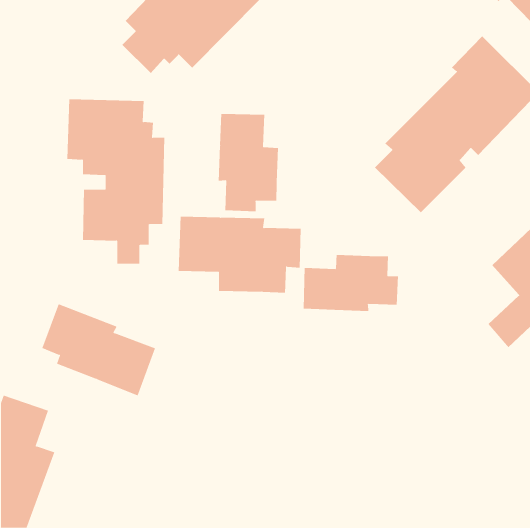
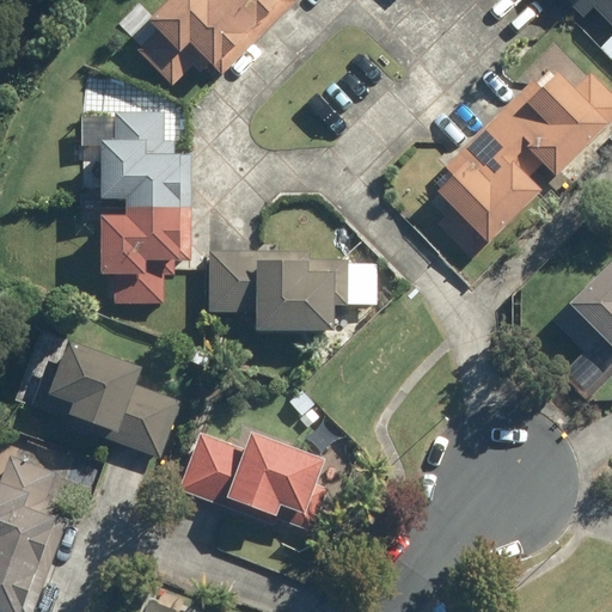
building: [218,113,279,212] -> none
building: [303,254,398,312] -> none
building: none -> [176,432,331,526]

